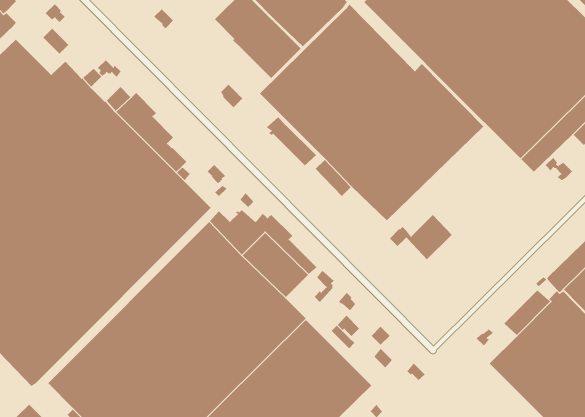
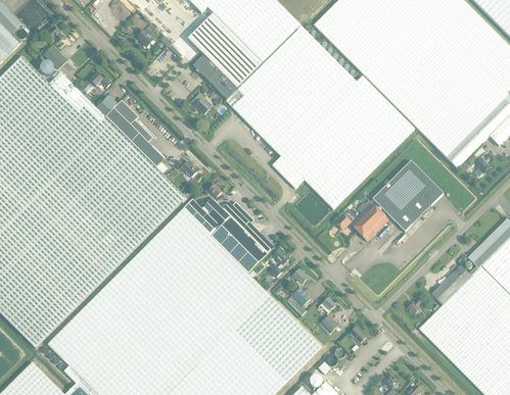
building: [266,116,317,166] -> [193,56,236,98]
building: none -> [372,160,444,231]

